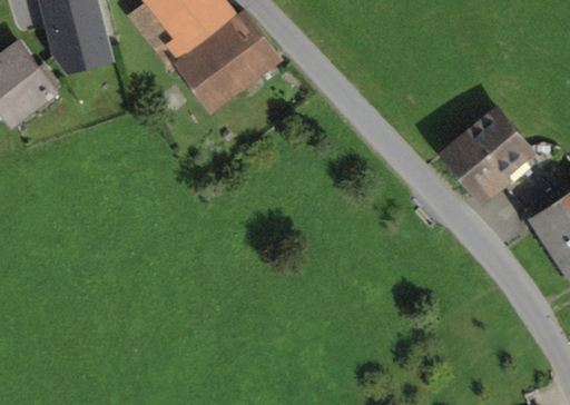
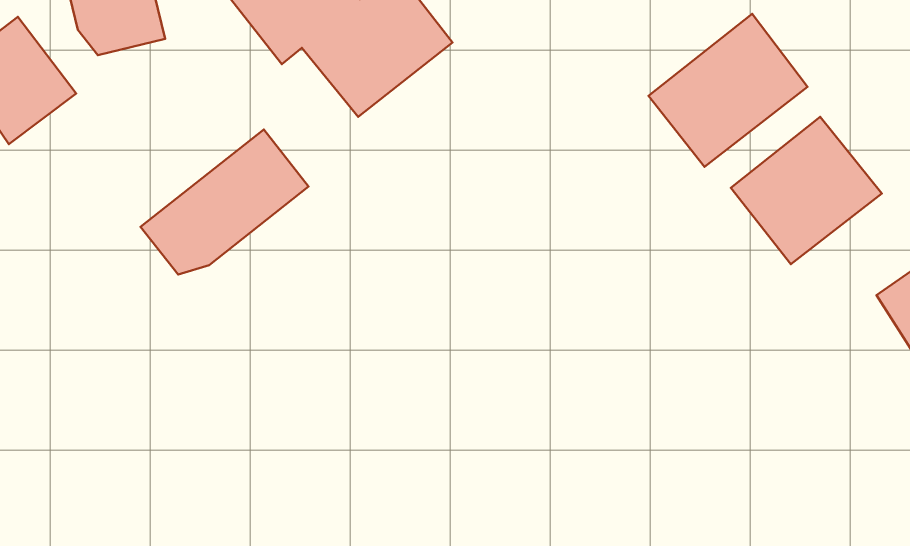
building: none -> [649,14,808,167]
building: none -> [140,129,308,275]

